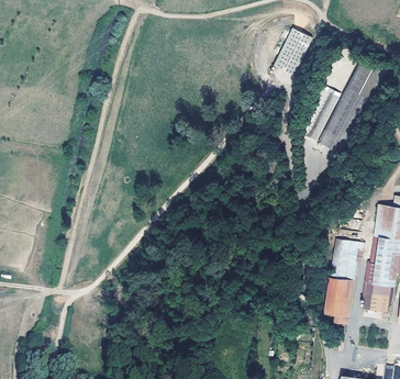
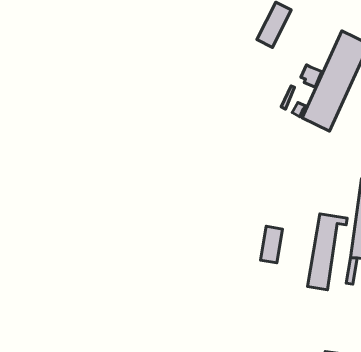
building: none -> [261,226,283,263]

